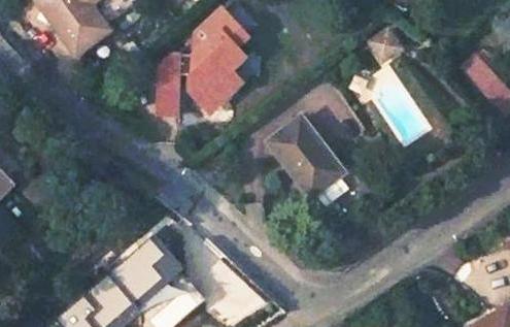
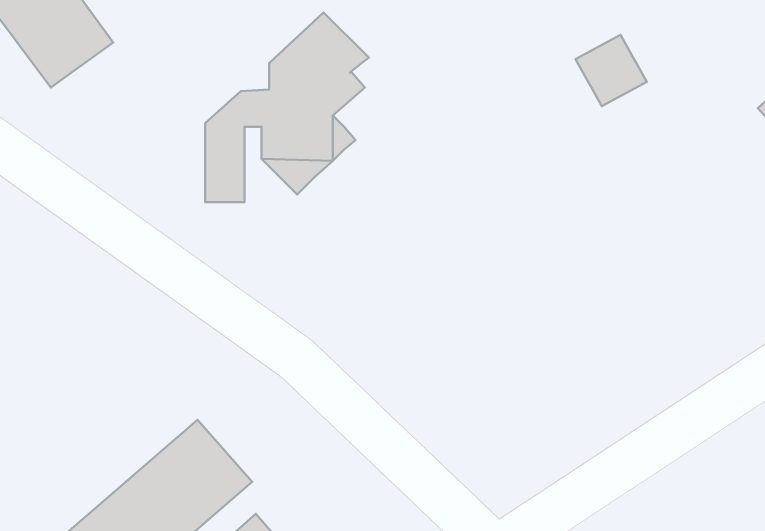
building: [267,113,344,196] -> none

